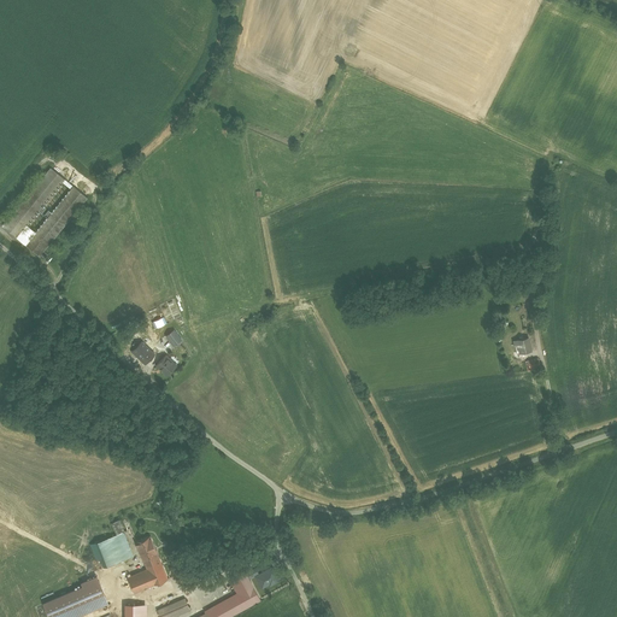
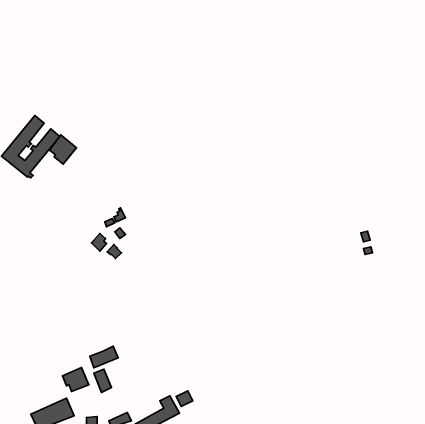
building: none -> [50,135,77,164]
building: [128,563,169,594] -> [90,346,118,368]

